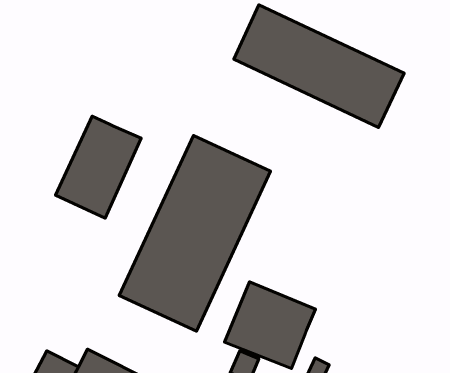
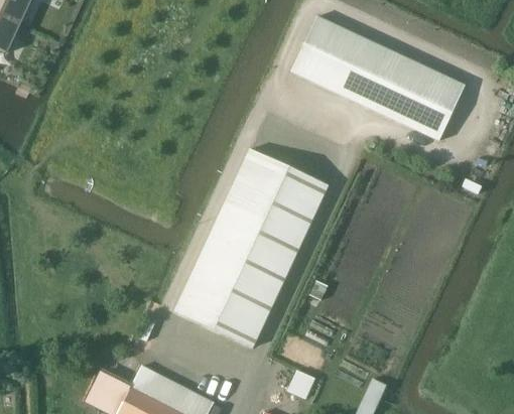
building: [55,116,141,218] -> none
building: [225,282,315,369] -> none

